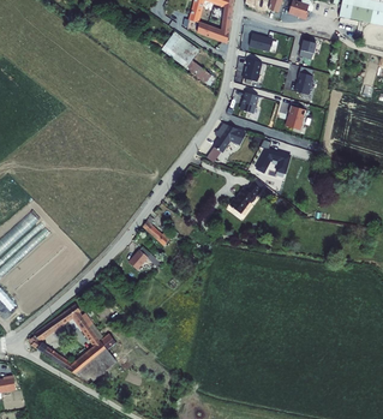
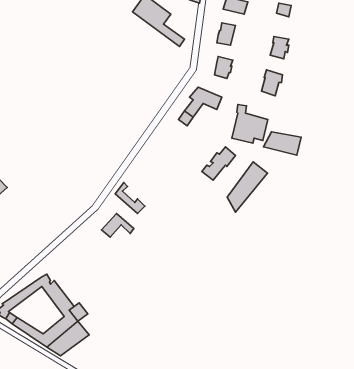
building: none -> [263,132,301,155]
building: none -> [227,162,267,212]

